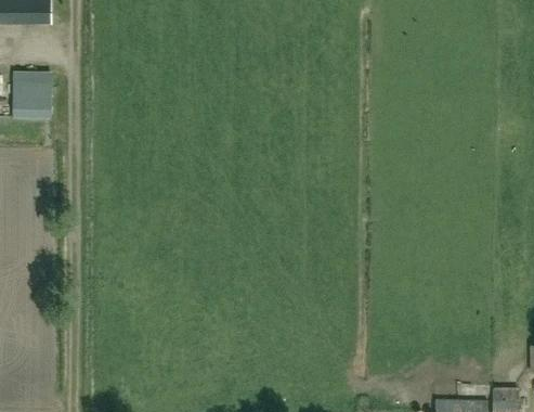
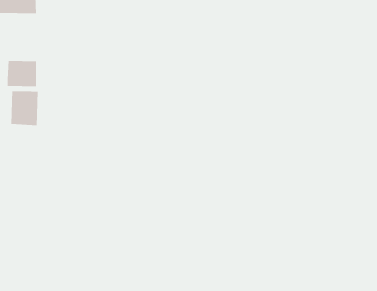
building: none -> [11,91,38,126]

